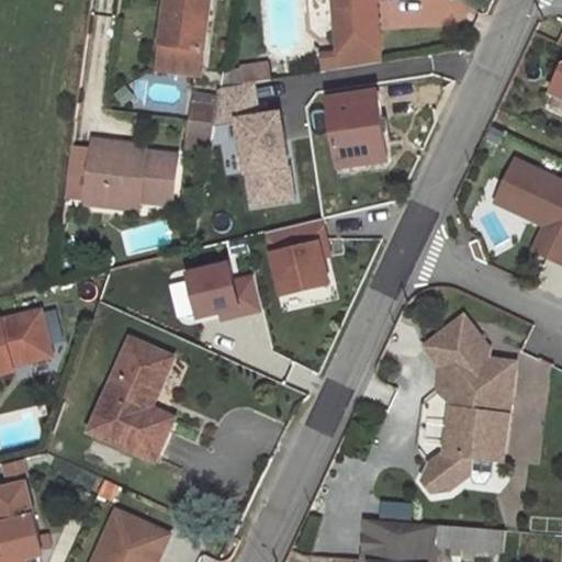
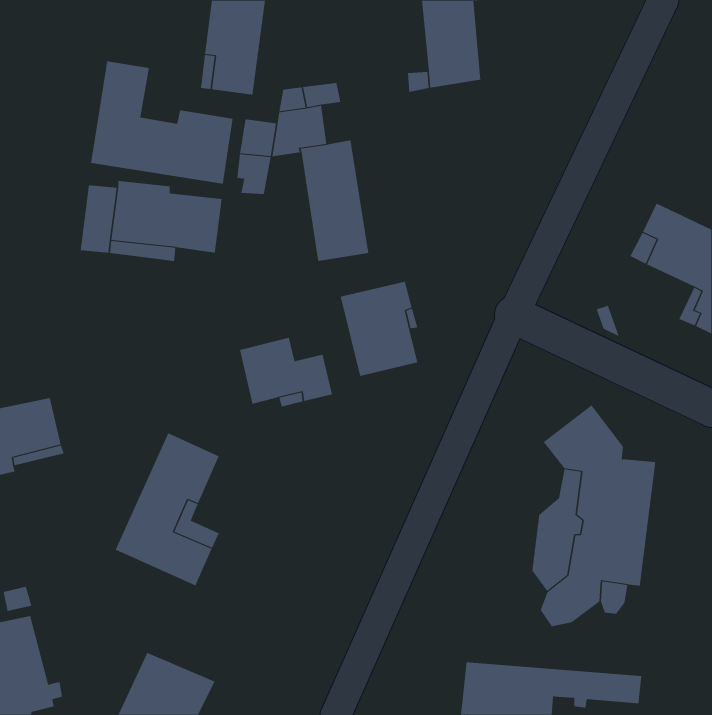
building: none -> [90,61,233,184]
building: [327,92,386,167] -> none

